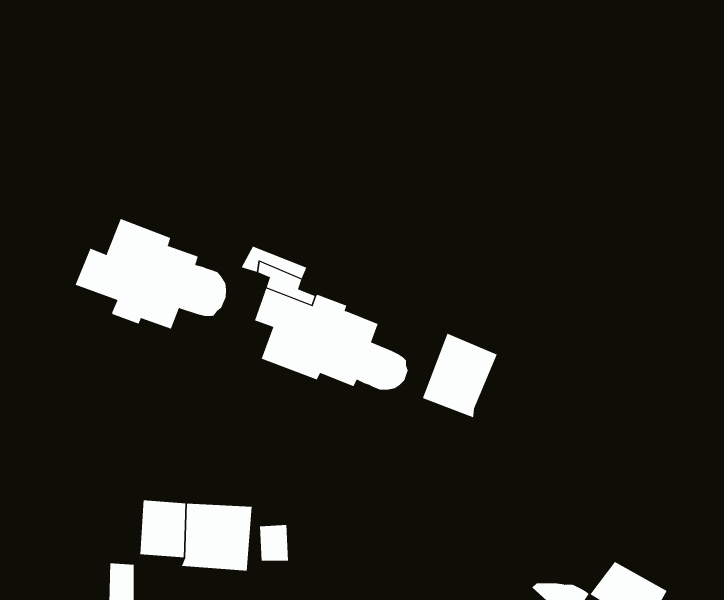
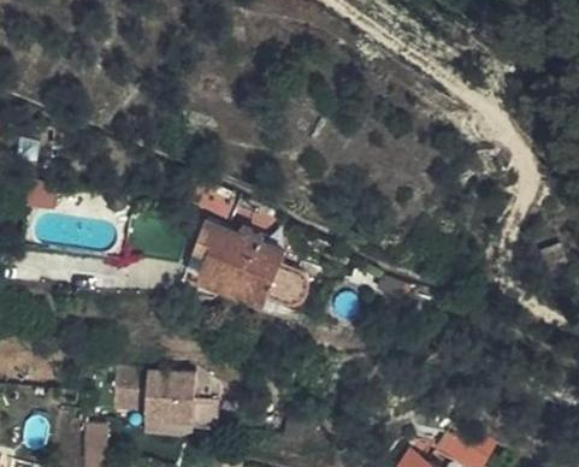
building: [75,218,227,330] -> none
building: [422,333,498,418] -> none

